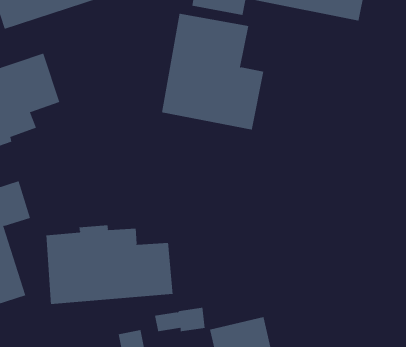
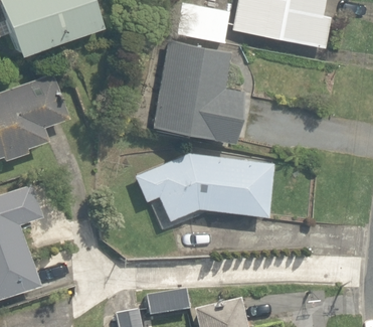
building: none -> [135,151,275,226]
building: [46,225,173,305] -> none

